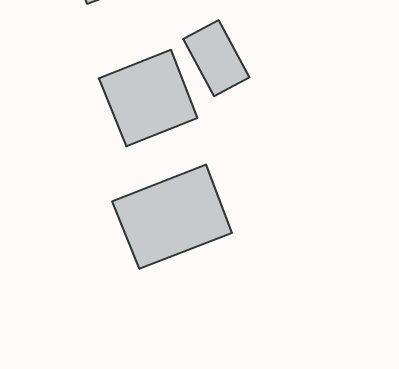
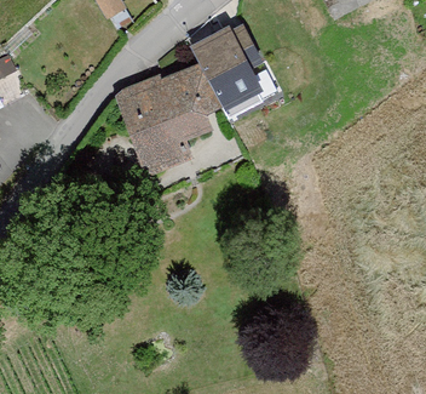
building: [112,164,232,269] -> none

